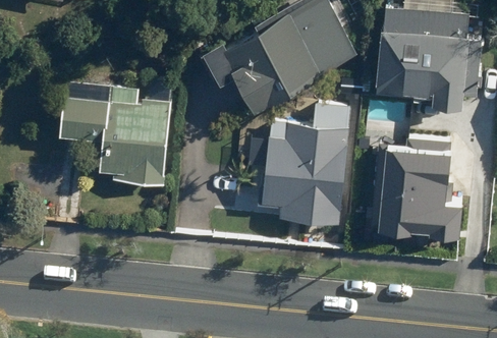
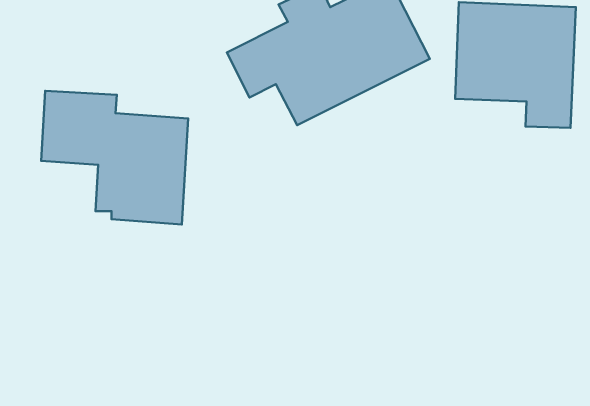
building: [260,118,348,225] -> none
building: [379,146,462,237] -> none

